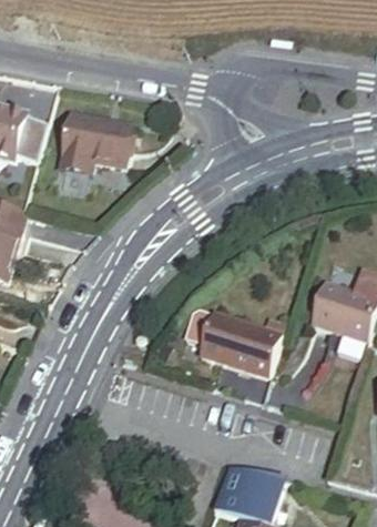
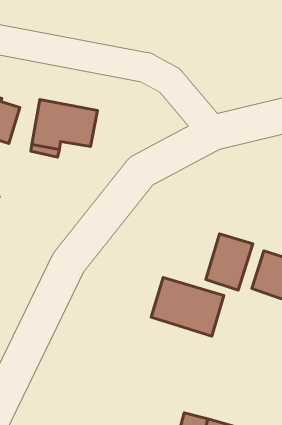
building: none -> [206,234,253,290]

